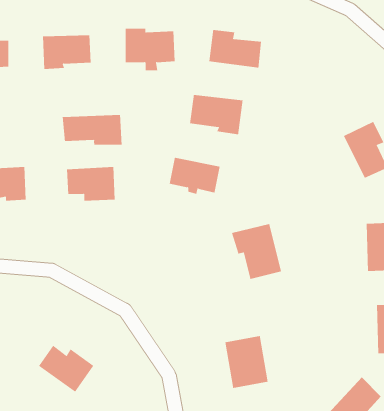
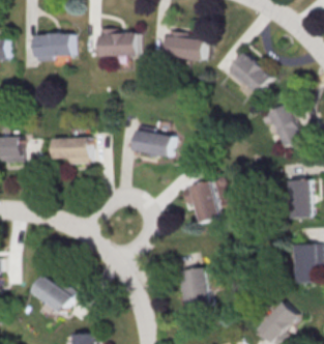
building: none -> [226,53,271,94]
building: [189,94,243,135] -> none
building: [62,114,122,146] -> none

